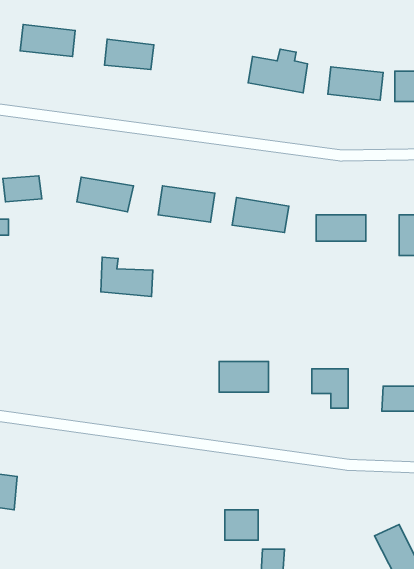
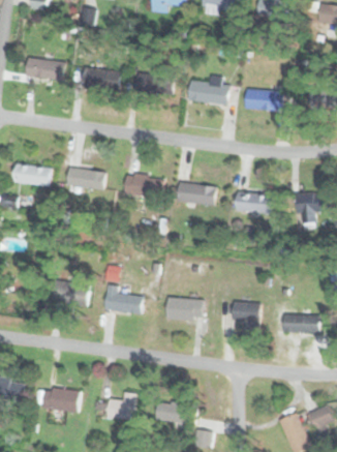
building: none -> [134,71,166,96]
building: [101,257,153,296] -> [105,284,143,312]
building: none -> [51,278,82,309]
building: none -> [41,386,81,413]
building: none -> [105,391,139,421]

